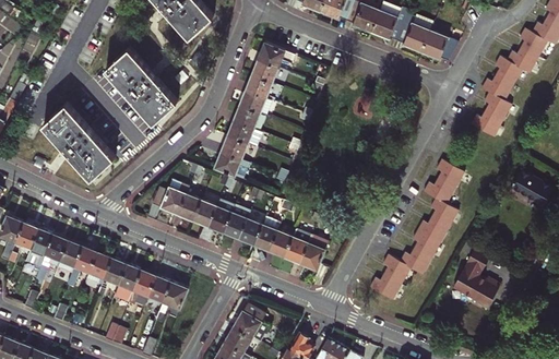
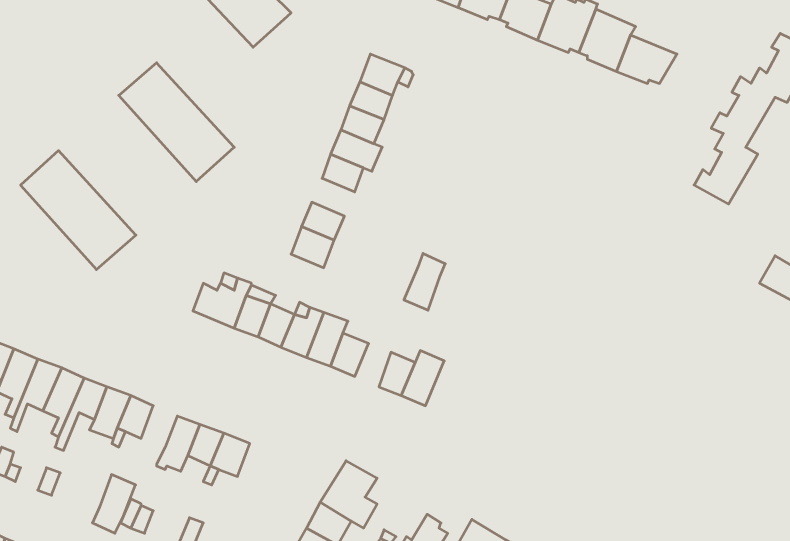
building: [227,120,262,146] -> none
building: [369,158,463,300] -> none
building: [254,216,281,252] -> [404,253,445,310]
building: [299,236,328,271] -> none
building: [453,247,498,308] -> none
building: [115,264,142,301] -> [92,475,136,533]

